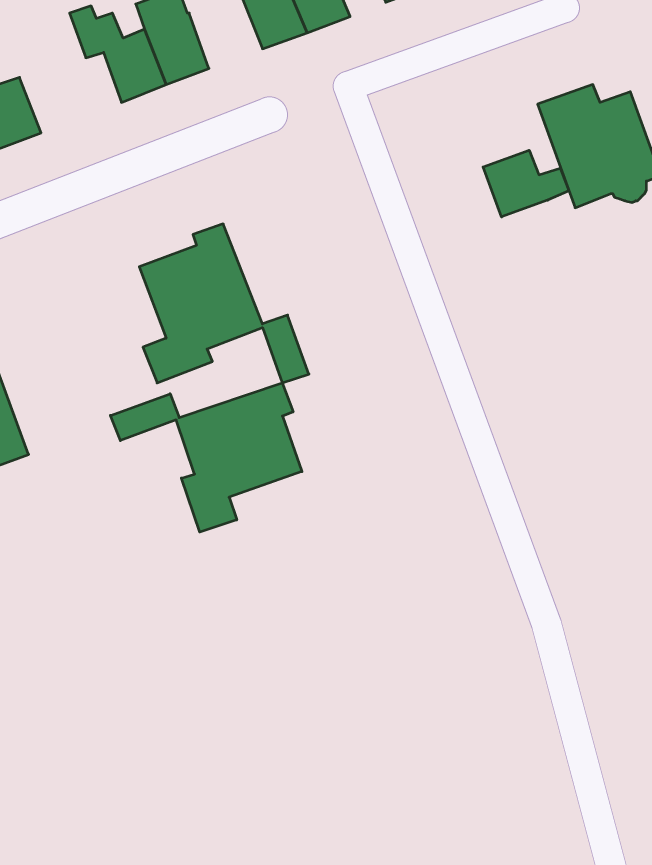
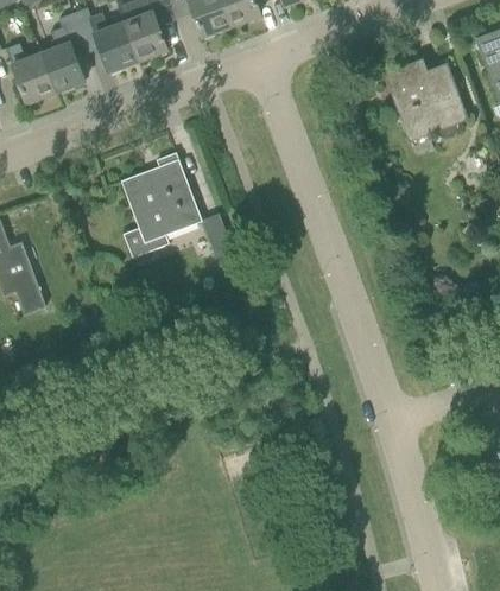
building: none -> [40,12,84,91]
building: [483,150,569,217] -> none
building: [110,383,302,532] -> none

